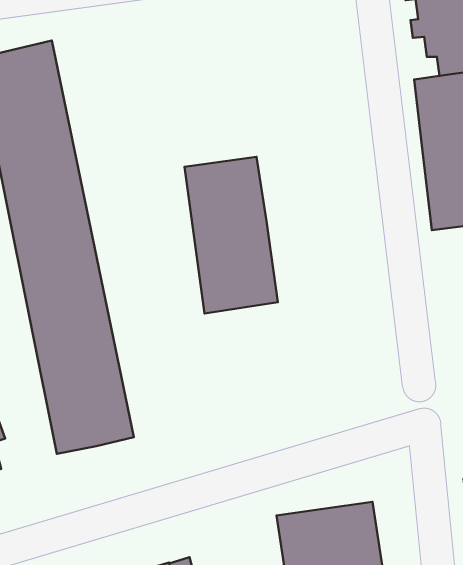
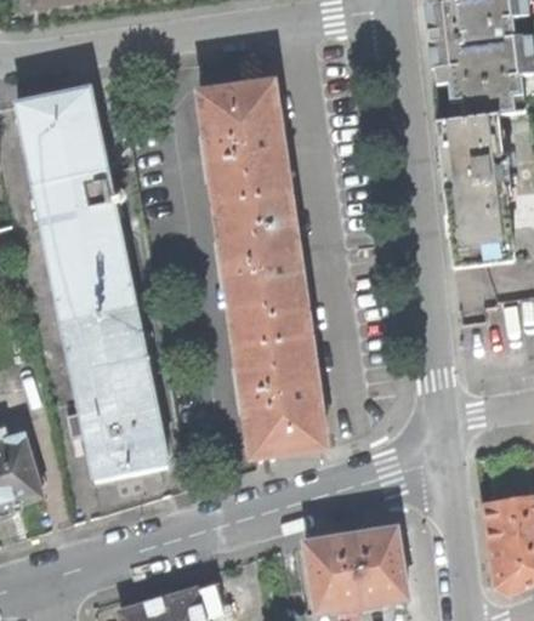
building: none -> [200,85,285,205]
building: none -> [235,335,322,456]

